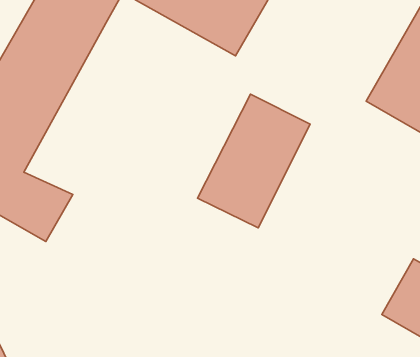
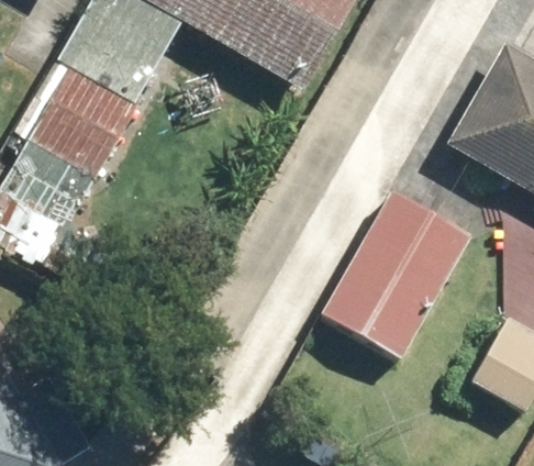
building: [198,94,310,228] -> [341,193,469,346]

